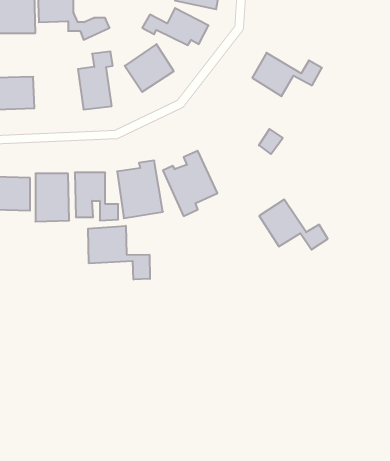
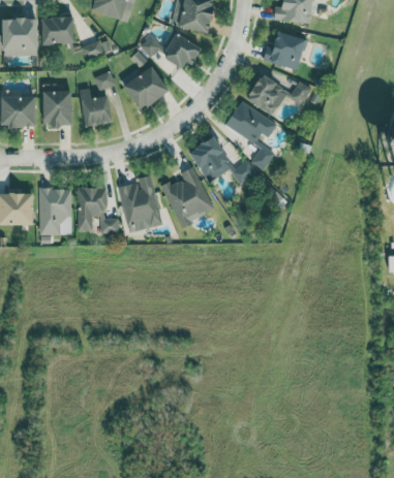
building: none -> [265,30,307,69]
building: none -> [42,91,73,126]
building: none -> [226,101,277,141]
building: [259,200,328,250] -> [190,137,255,185]
building: [88,226,150,280] -> none

